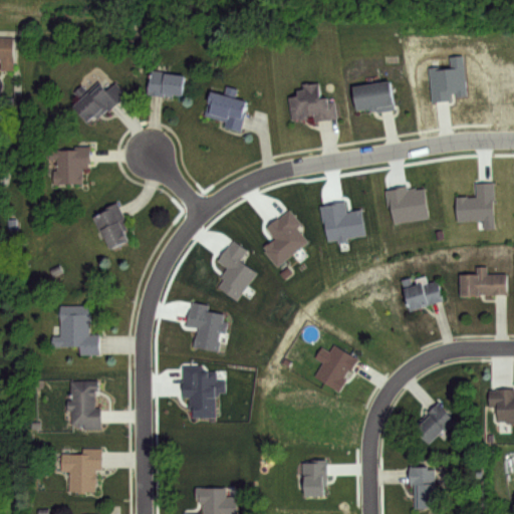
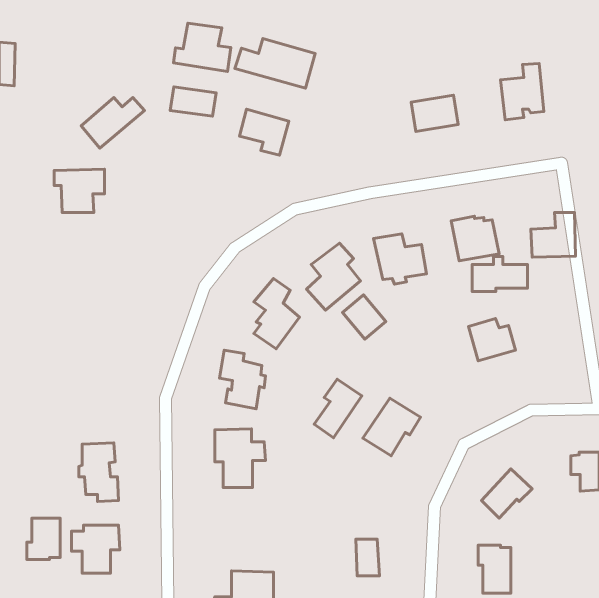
building: none -> [173,23,231,71]
building: none -> [235,39,315,88]
building: [289,84,338,125] -> none
building: [92,205,126,251] -> none
building: none -> [343,295,386,339]
building: [458,267,505,297] -> [472,256,527,292]
building: [48,307,99,354] -> none
building: none -> [314,379,362,438]
building: none -> [27,518,60,559]

